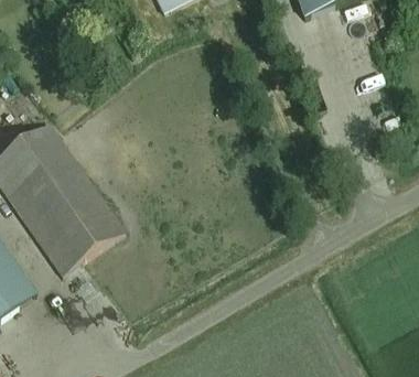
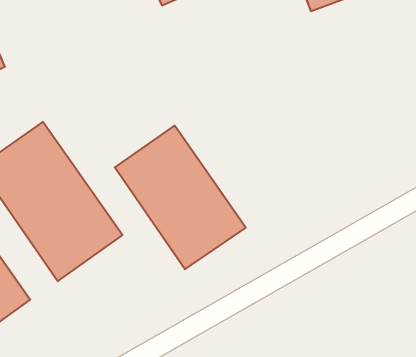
building: none -> [115,126,246,269]

